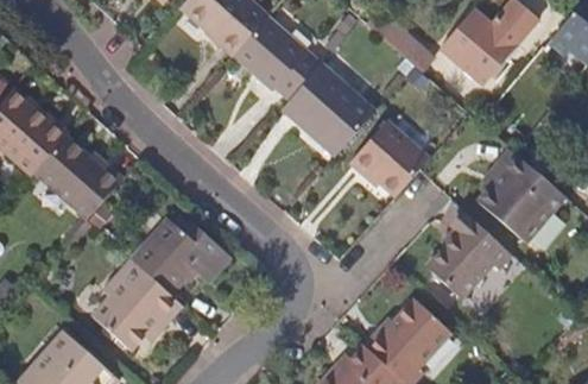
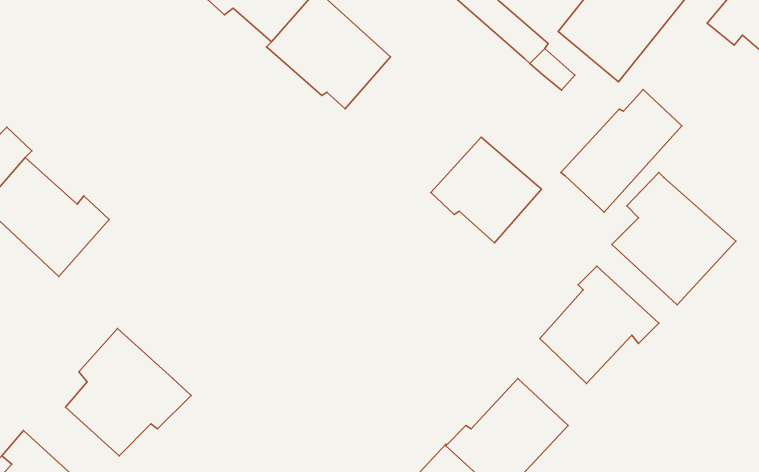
building: [283,67,378,155] -> none
building: none -> [561,89,682,212]
building: [129,218,228,295] -> none

